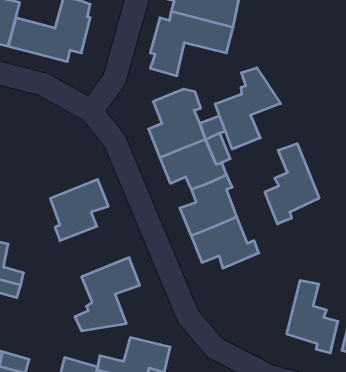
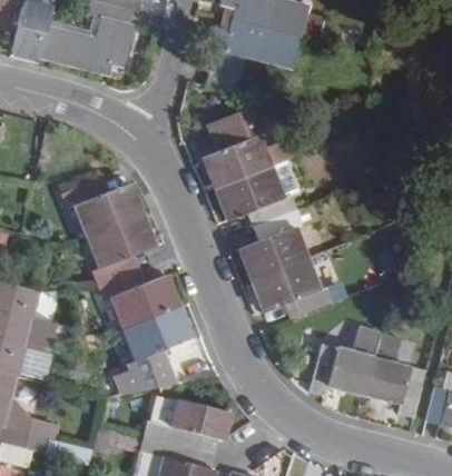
building: [215,68,281,149] -> none
building: [265,144,319,224] -> none
building: none -> [61,175,143,237]
building: none -> [98,269,179,328]
building: none -> [308,327,379,395]

